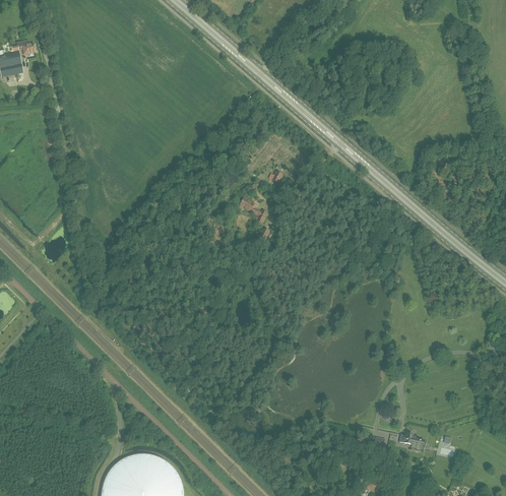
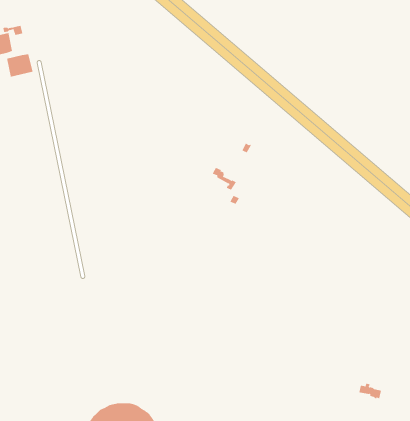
building: none -> [7,54,33,77]

